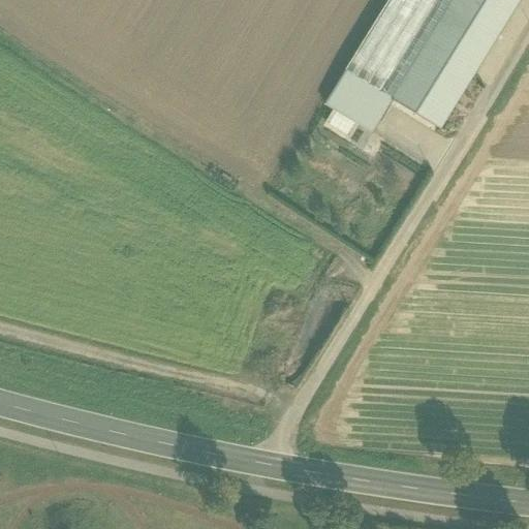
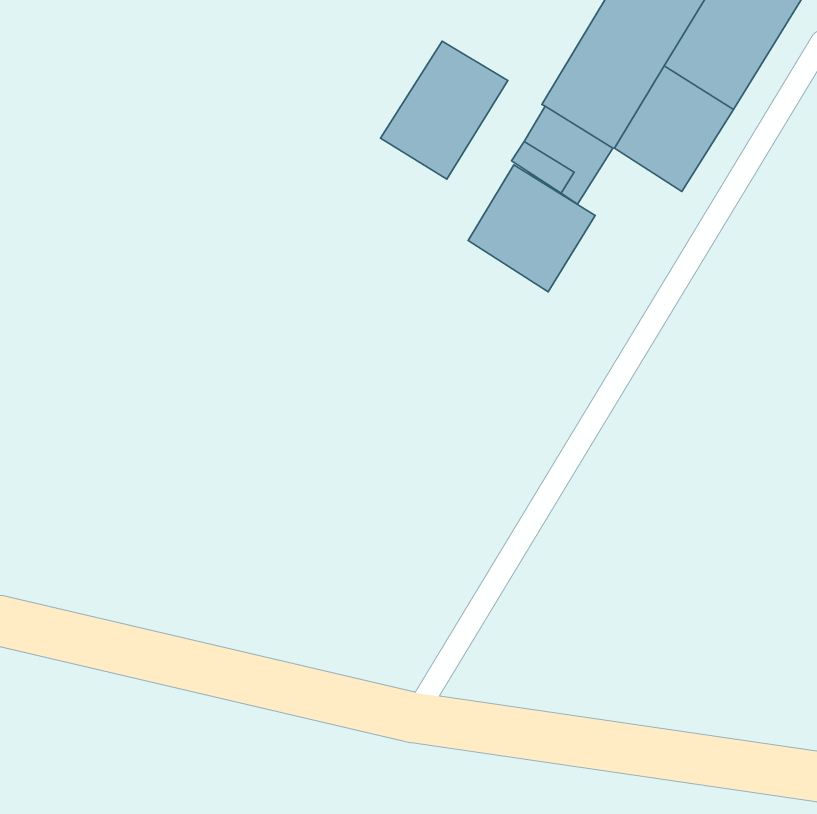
building: none -> [381,41,508,179]
building: none -> [468,165,595,292]

